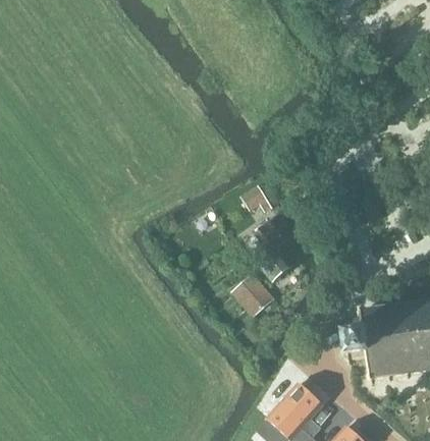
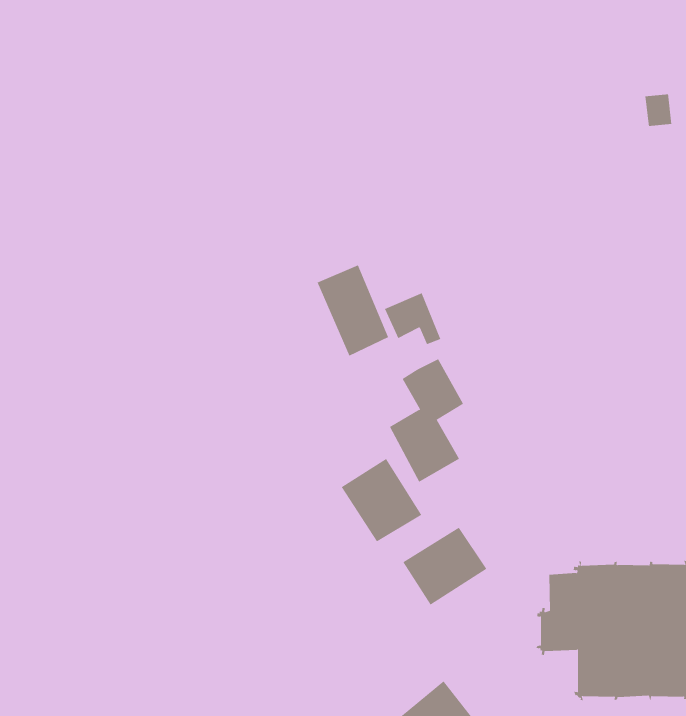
building: none -> [317,264,389,356]
building: none -> [403,527,487,606]

